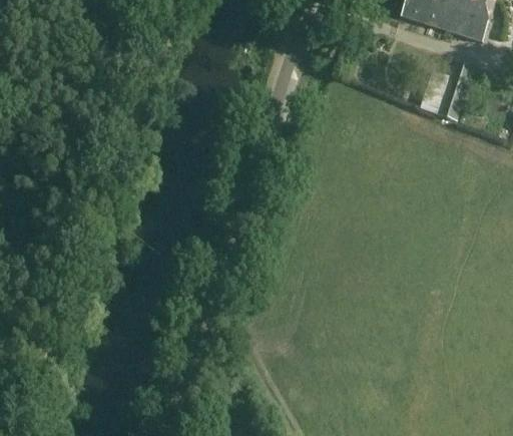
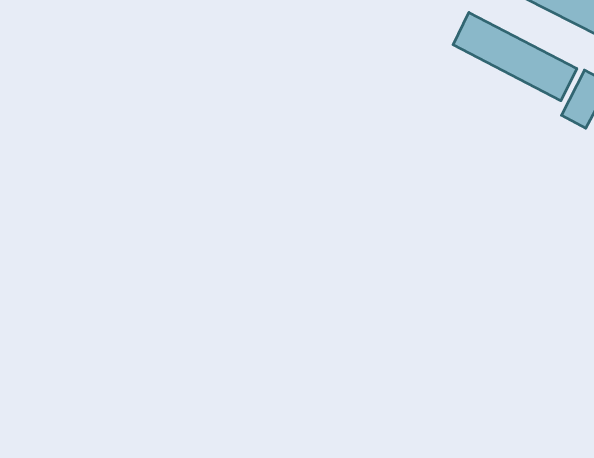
building: none -> [453,12,577,101]

